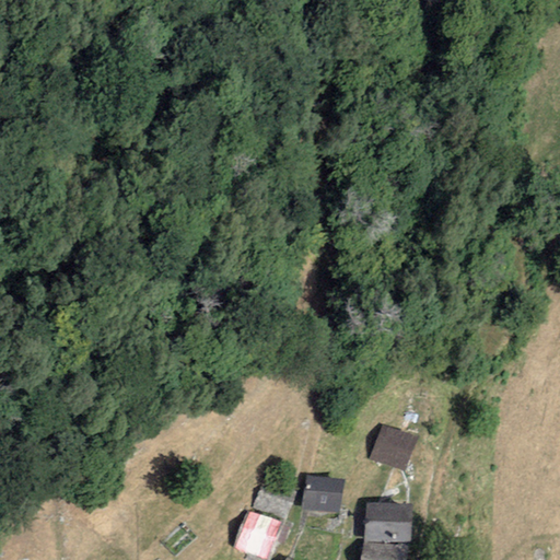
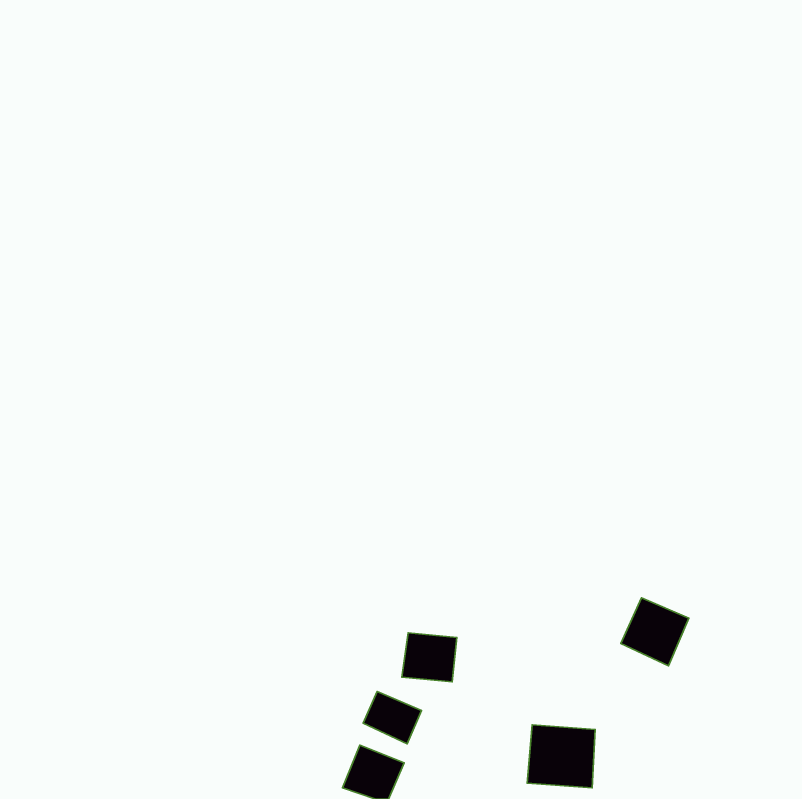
building: [366,425,413,472] -> [621,598,689,666]
building: [302,480,340,514] -> [402,633,457,682]

